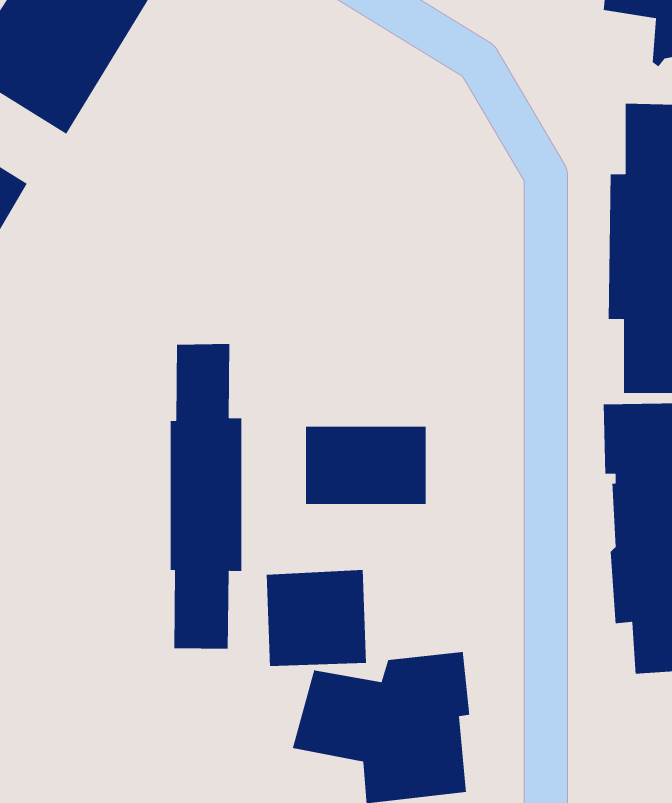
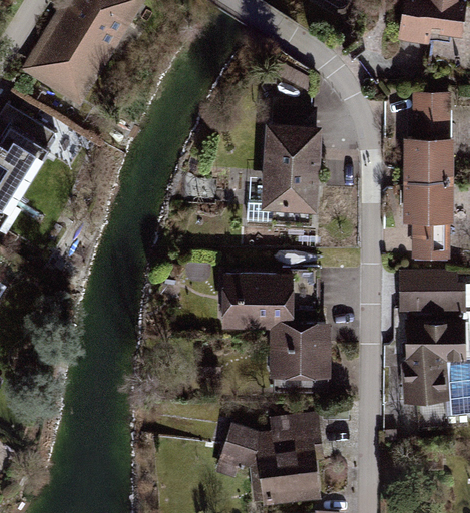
building: none -> [265,105,320,217]
building: [170,343,242,650] -> none
building: [266,569,367,667] -> [270,333,330,391]

